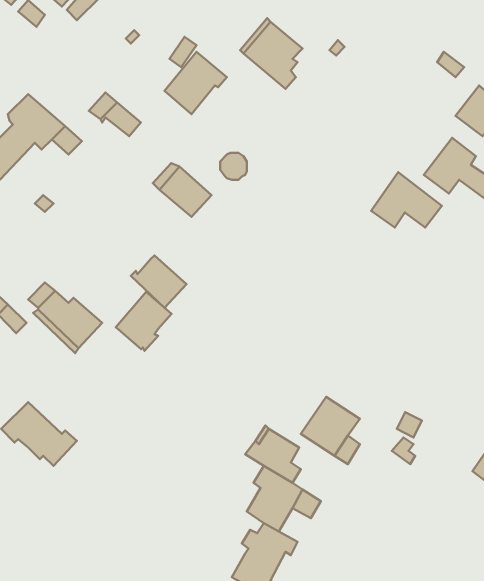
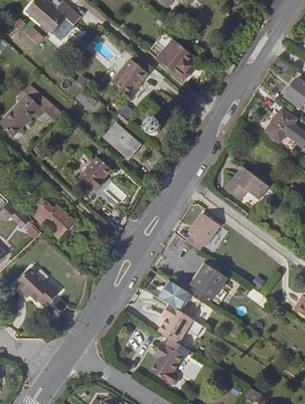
building: [371,172,442,228] -> [226,167,269,200]
building: [116,292,171,351] -> [78,156,111,191]
building: none -> [187,214,221,251]

